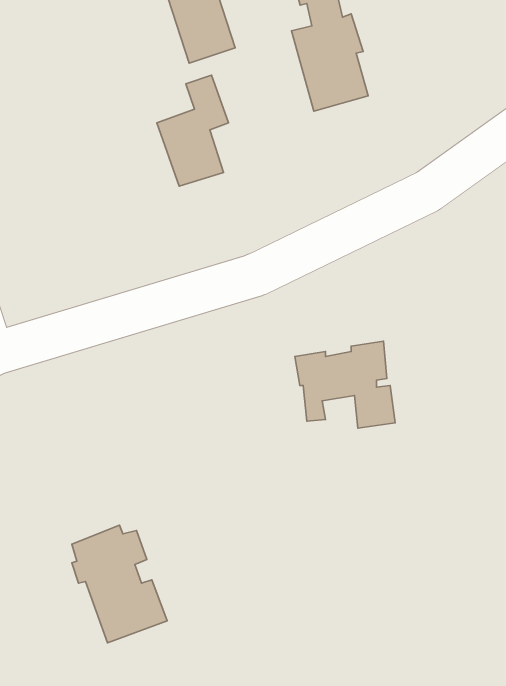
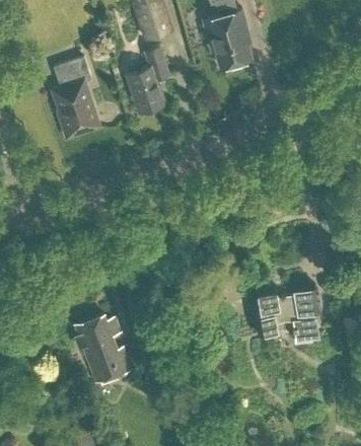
building: none -> [53,59,98,139]
building: [295,341,395,428] -> [257,287,316,339]

